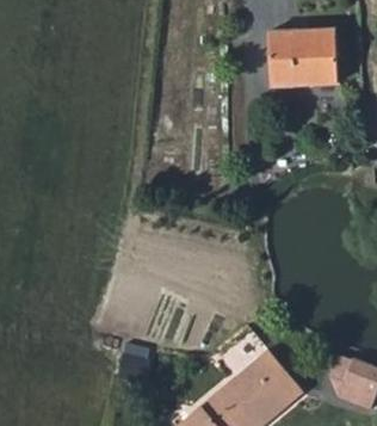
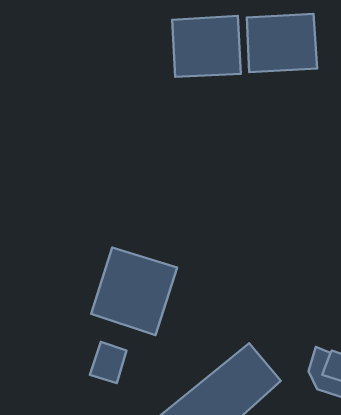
building: none -> [172,16,241,77]
building: none -> [91,247,177,335]

